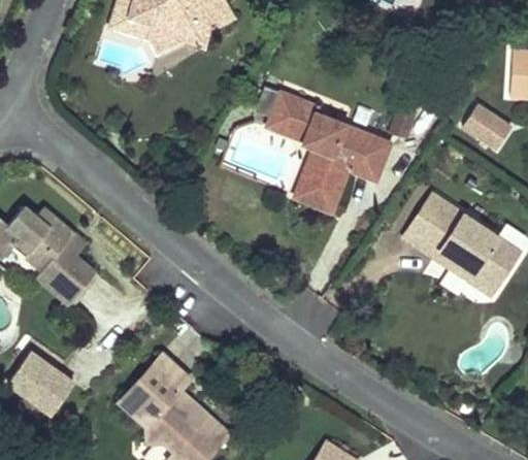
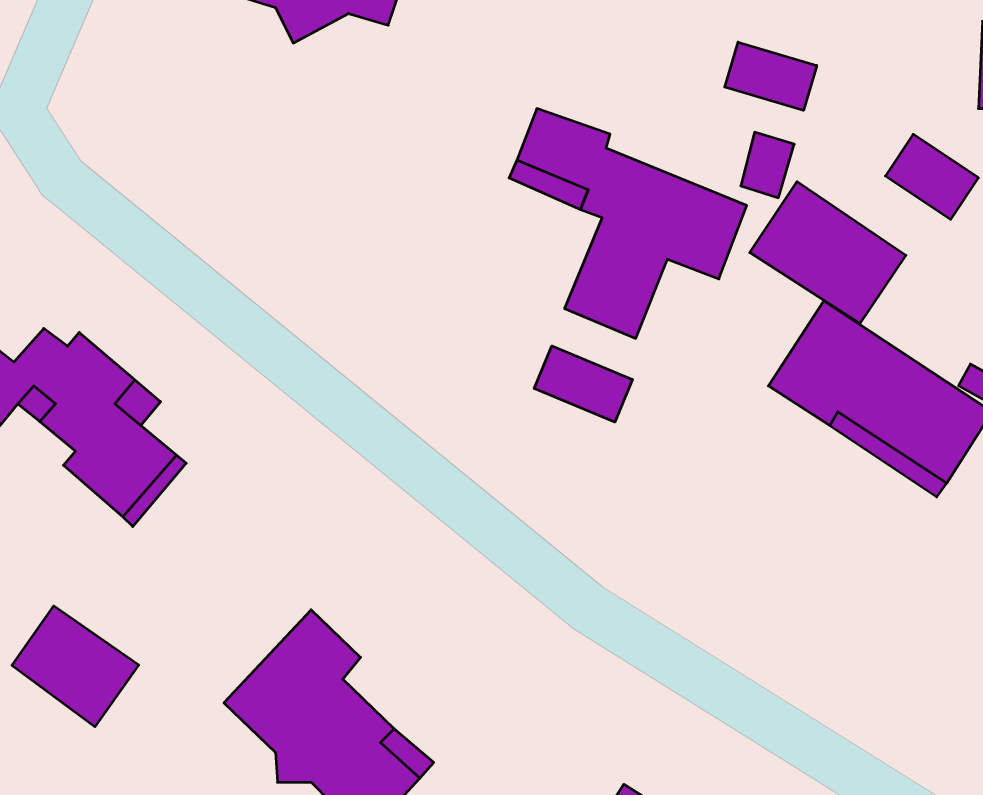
building: none -> [725,42,817,110]
building: none -> [750,182,906,323]
building: none -> [534,346,632,422]

